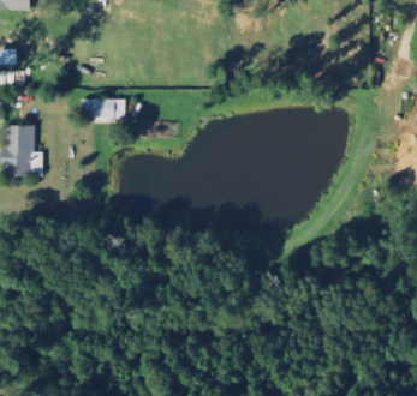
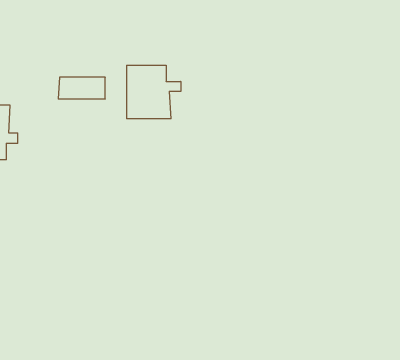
building: none -> [127,65,181,119]

